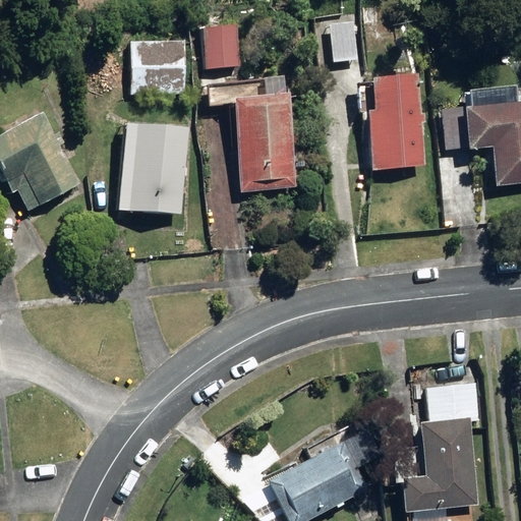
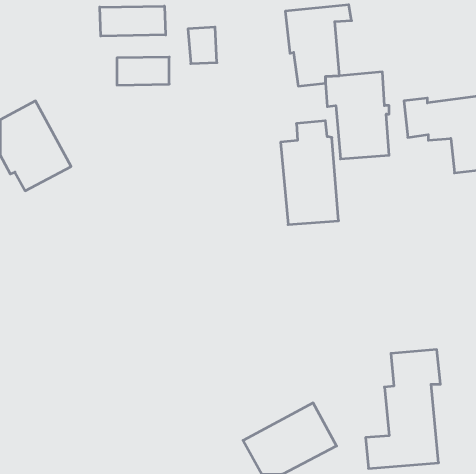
building: none -> [100,6,166,36]
building: [233,79,296,192] -> [281,121,339,225]
building: [119,121,188,212] -> none

